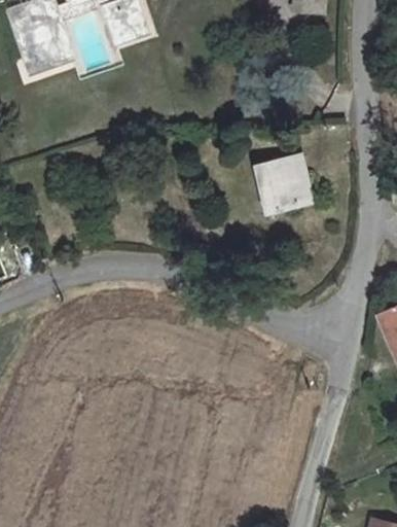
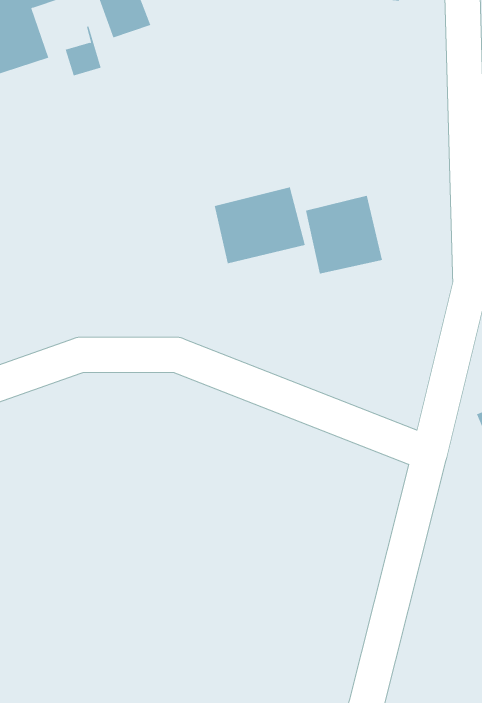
building: none -> [214,186,306,264]

